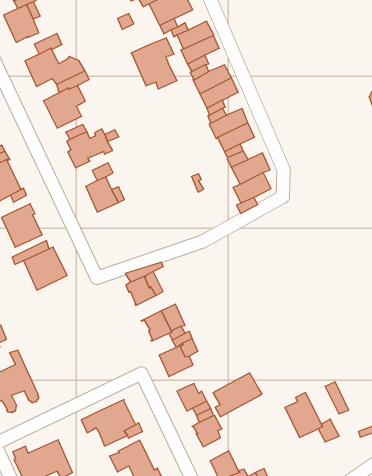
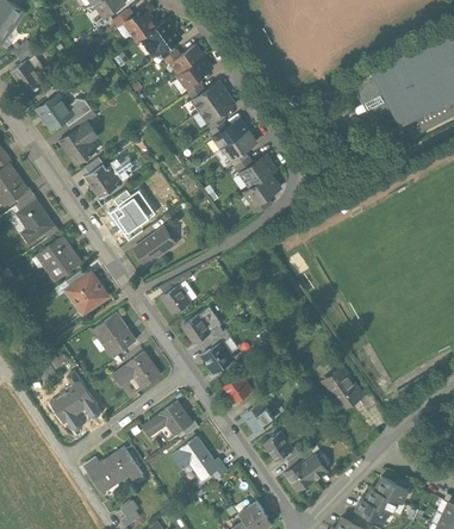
building: [131,38,177,89] -> none
building: none -> [135,228,175,264]
building: none -> [92,312,136,356]
building: none -> [112,351,160,387]
building: [213,373,262,417] -> none

